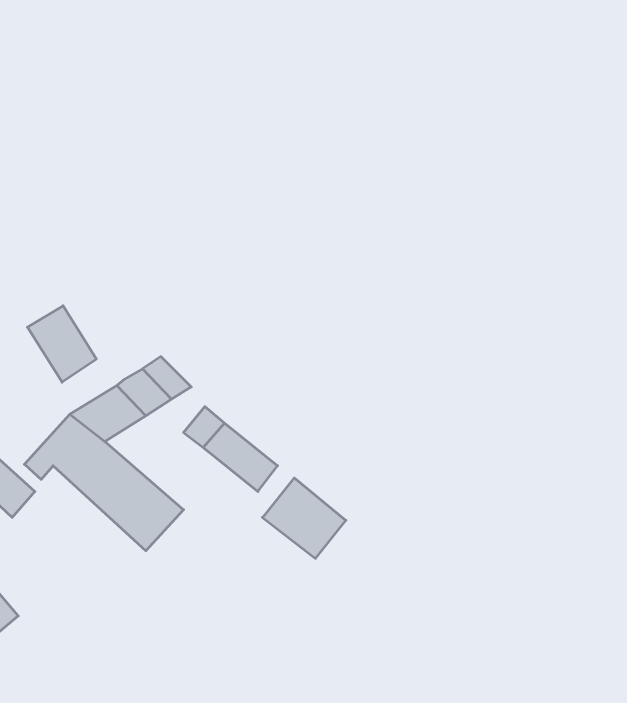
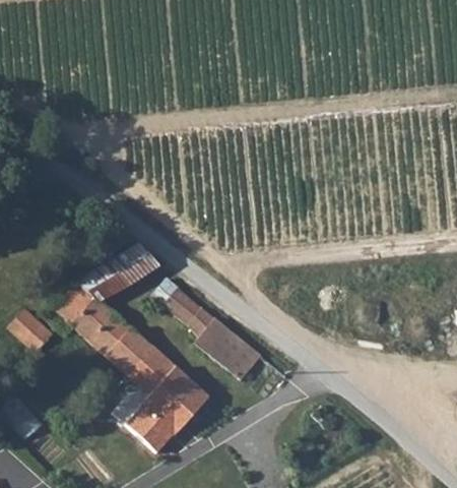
building: [27,306,96,382] -> none
building: none -> [115,348,210,452]

